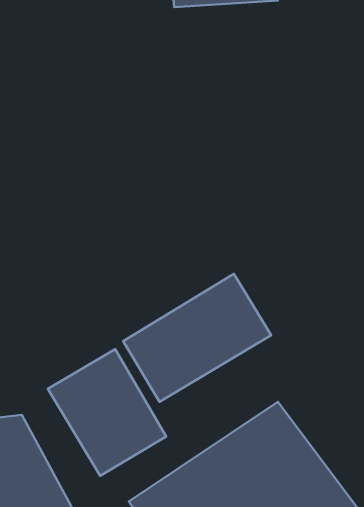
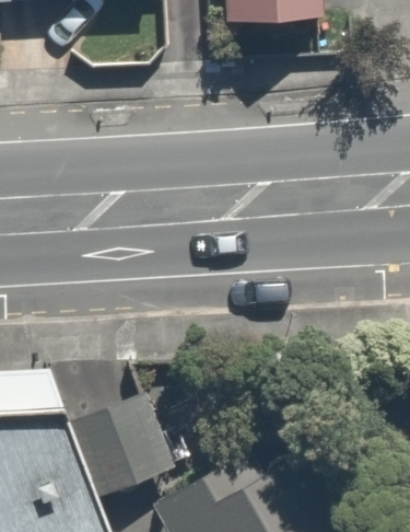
building: [123,274,271,402] -> none

